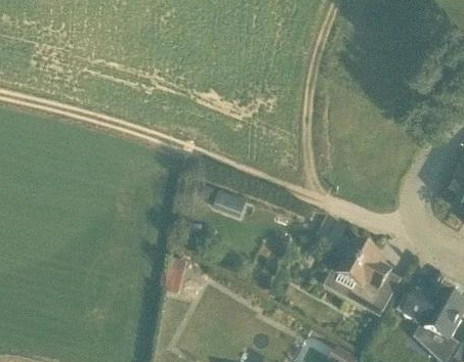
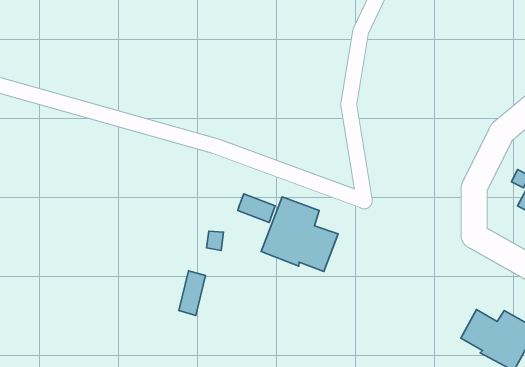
building: none -> [261,197,338,271]
building: [336,240,390,303] -> none

